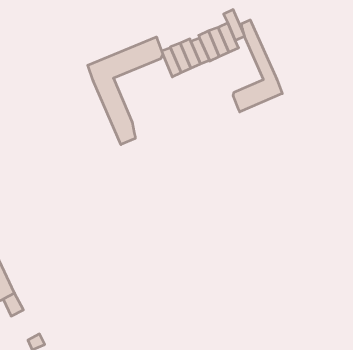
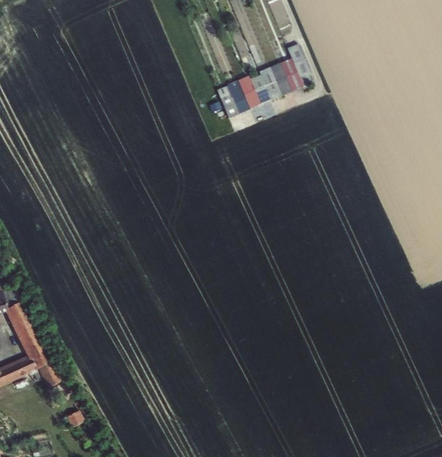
building: [233,20,282,112] -> none
building: [88,37,163,145] -> none

